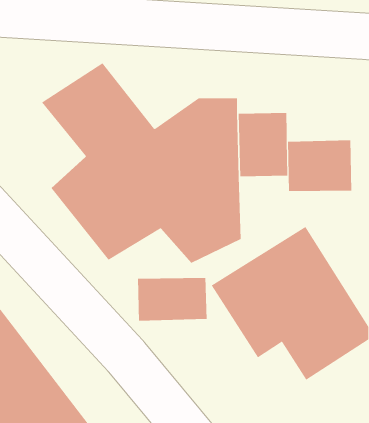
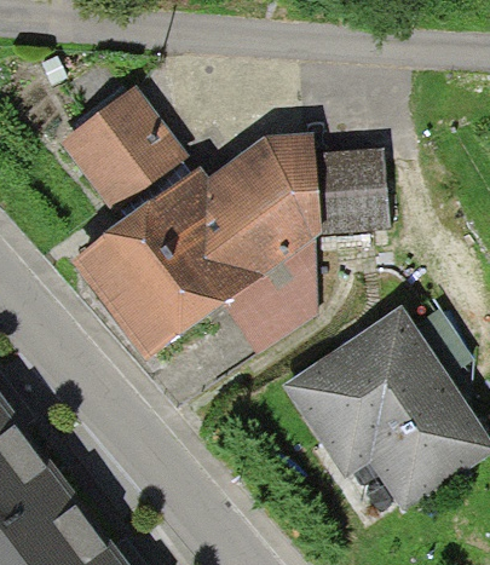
building: [288,140,352,192] -> none
building: [137,277,207,322] -> none

